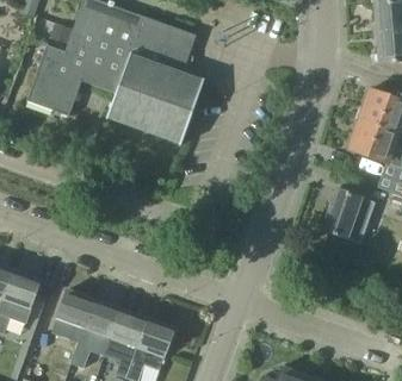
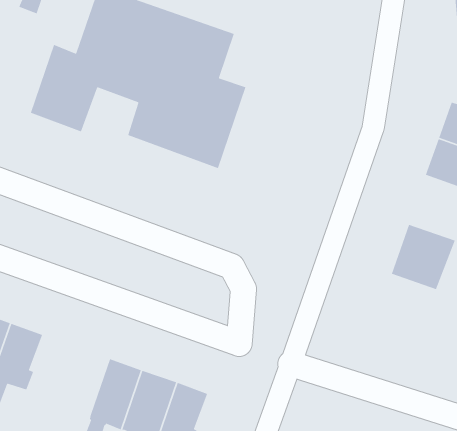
building: [51,288,92,342] -> none

